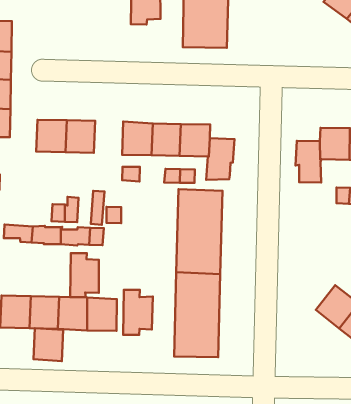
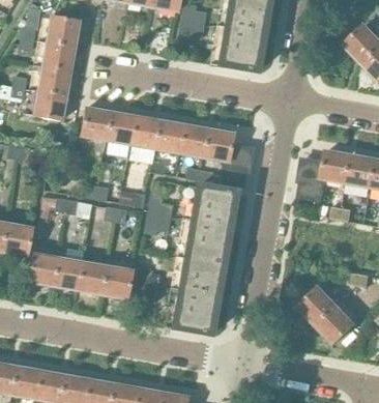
building: none -> [130,116,159,148]
building: [70,253,99,297] -> [145,194,174,233]
building: [34,328,63,361] -> none

